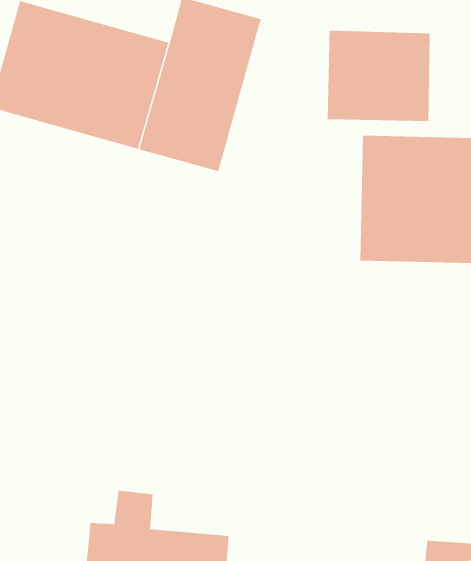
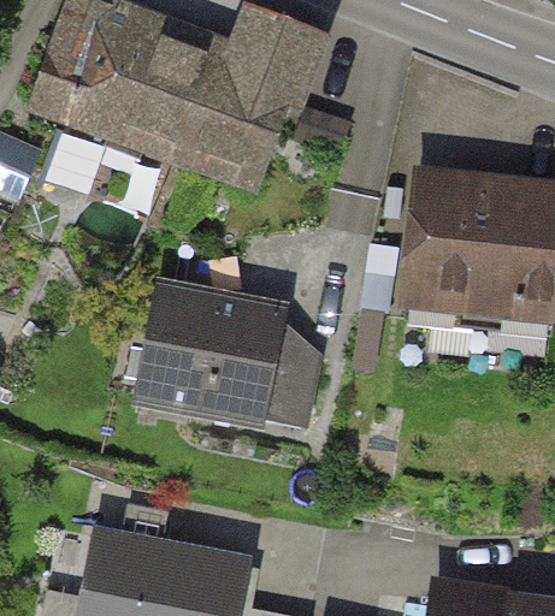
building: [327,30,430,122] -> none
building: none -> [118,279,323,428]

